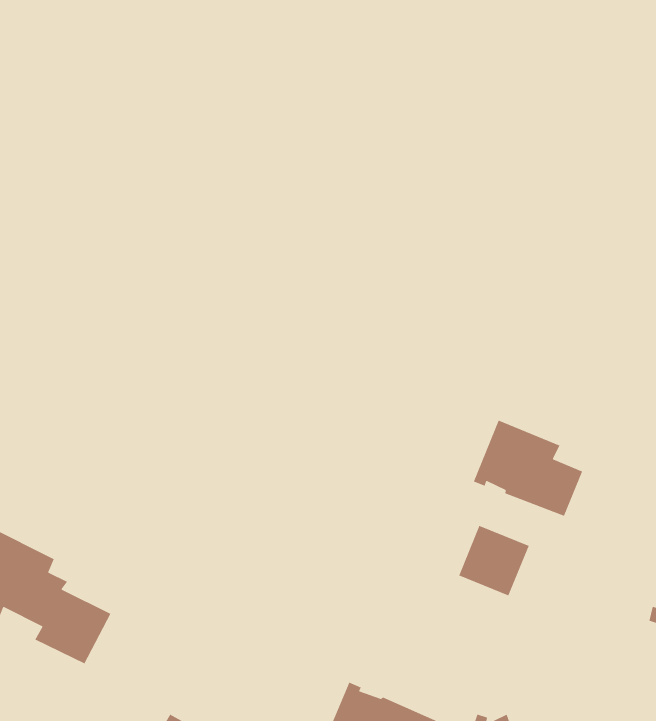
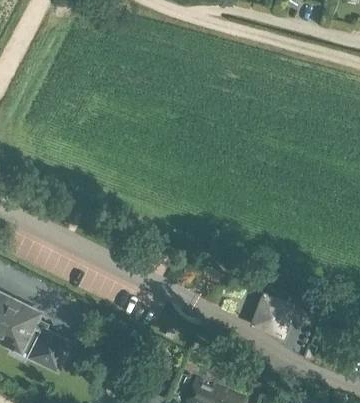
building: [473,419,583,517] -> none

